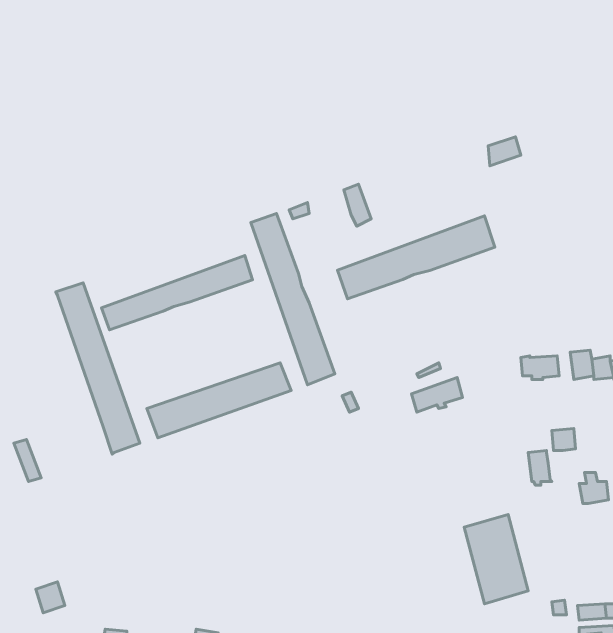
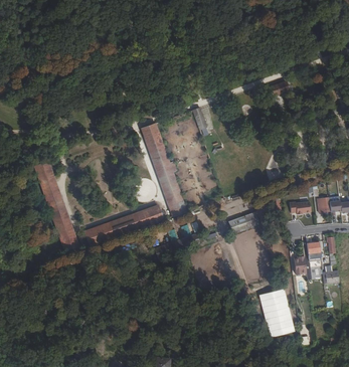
building: [337,216,495,299] -> none
building: [101,255,253,330] -> none

